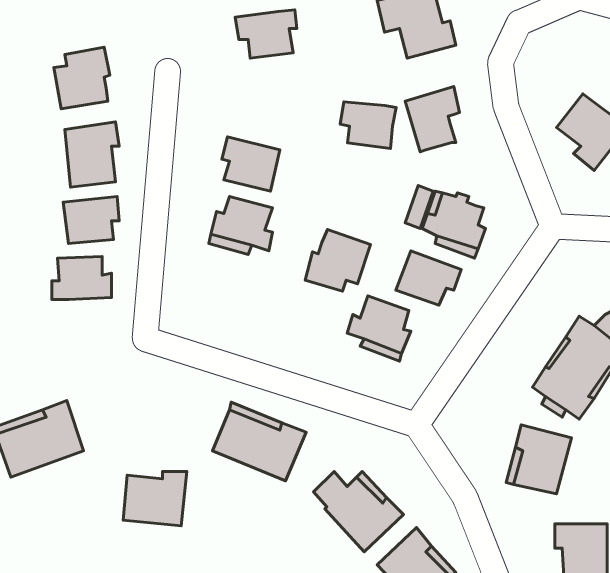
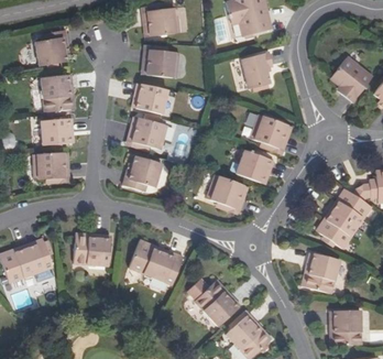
building: [340,102,396,149] -> [142,50,175,77]
building: [305,230,371,291] -> [122,155,161,192]
building: [123,471,187,526] -> [73,235,110,266]

